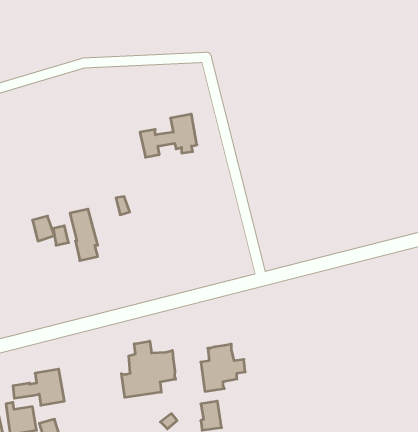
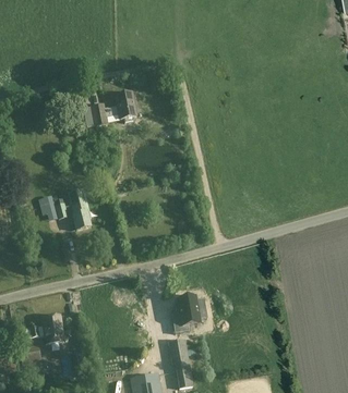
building: [140,114,197,157] -> [92,91,136,125]
building: [121,341,176,397] -> none

